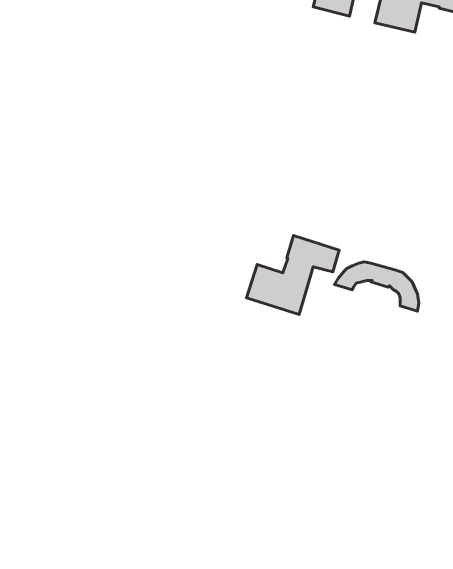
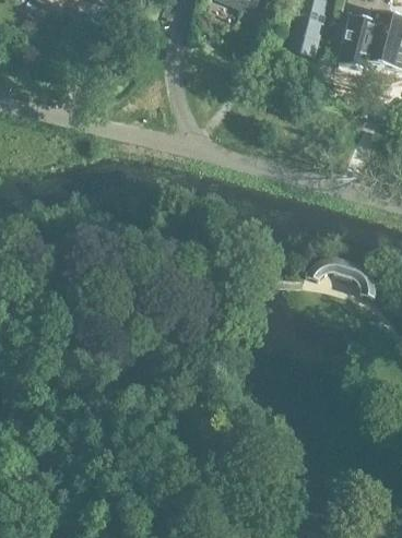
building: [246,235,339,315] -> none

